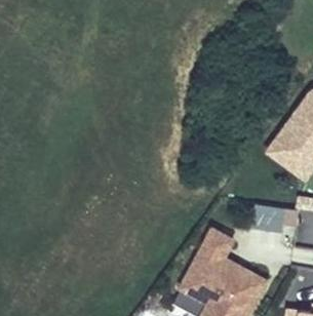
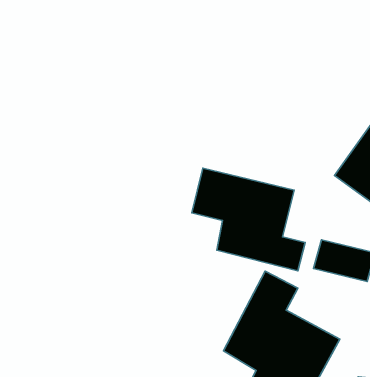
building: none -> [192,168,305,271]

